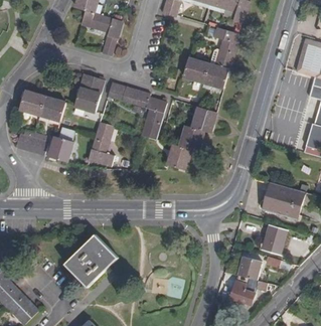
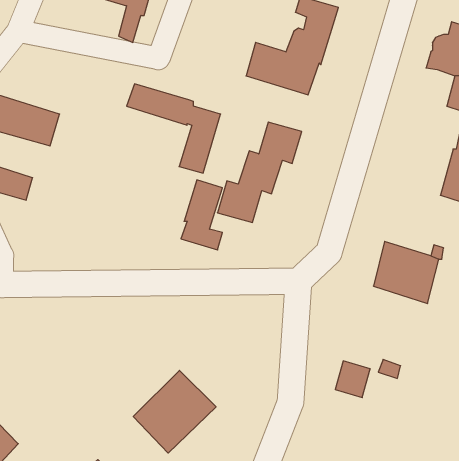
building: [73,72,104,113] -> none
building: [88,122,114,166] -> [181,180,222,250]
building: [46,135,73,162] -> none
building: [262,224,287,254] -> none
building: [65,234,118,287] -> [133,370,216,453]
building: [230,275,274,304] -> none

